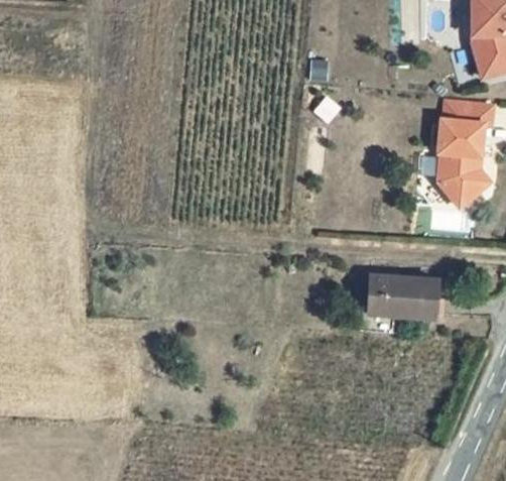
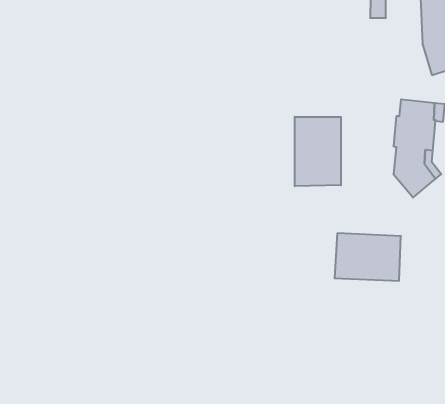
building: none -> [295,117,341,186]

